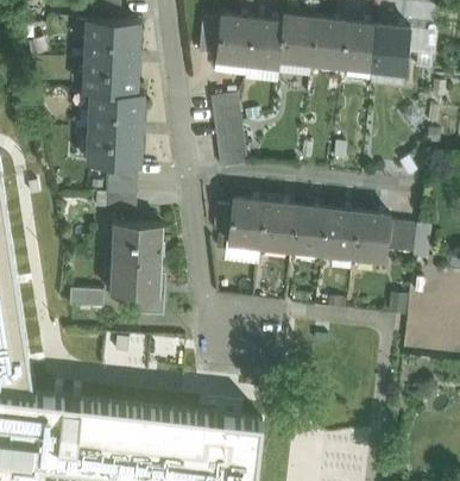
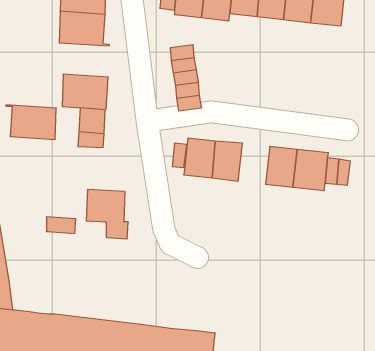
building: [86,94,143,133] -> [6,105,56,140]
building: [289,208,324,255] -> none
building: [113,225,162,263] -> none

